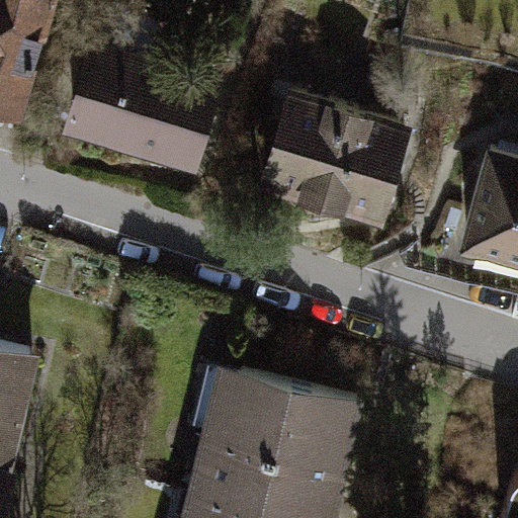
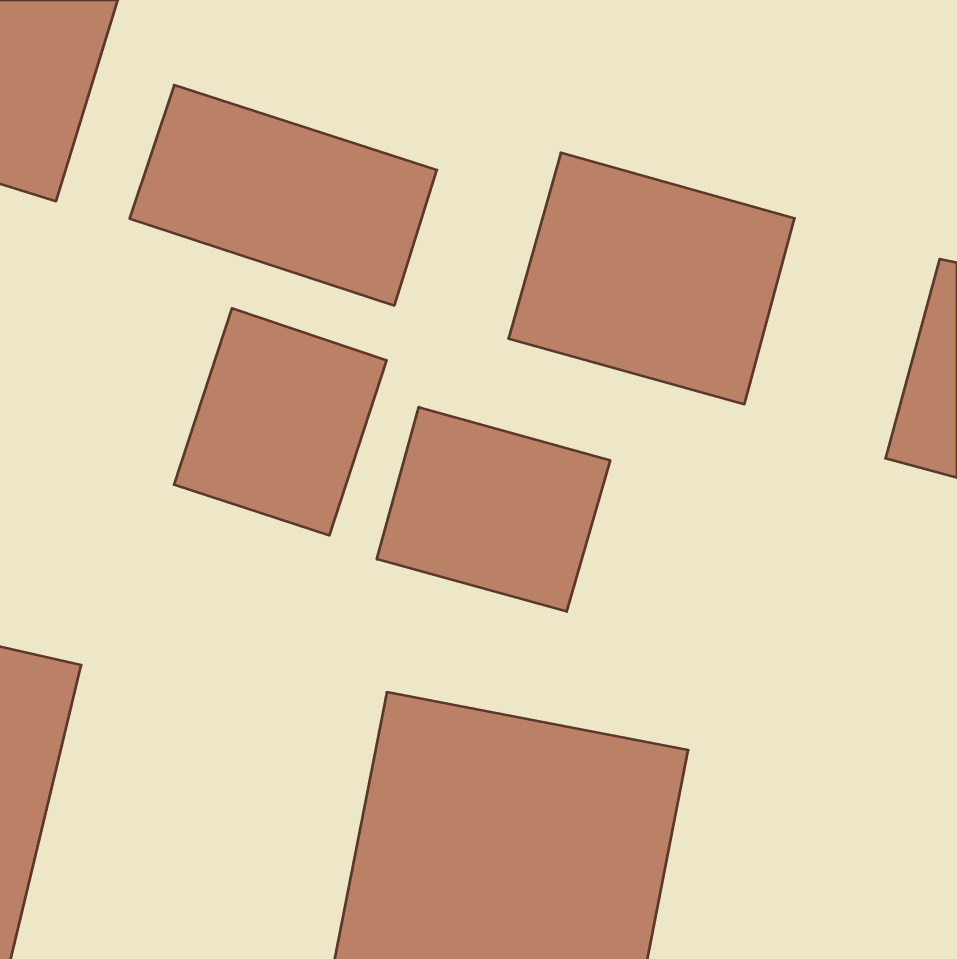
building: none -> [174,308,386,535]
building: none -> [377,407,610,612]

